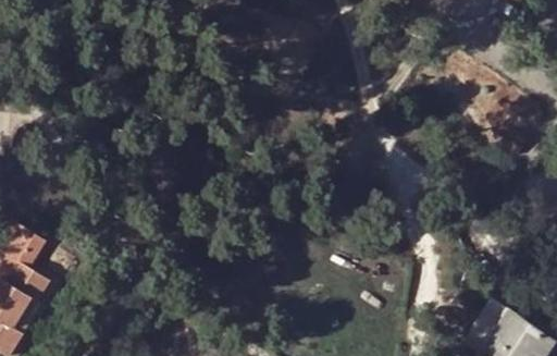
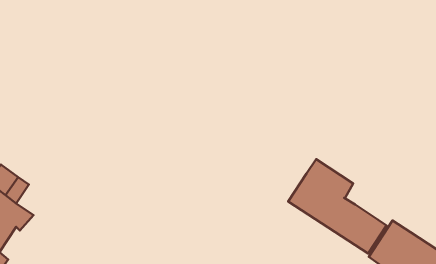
building: none -> [288,159,386,253]

